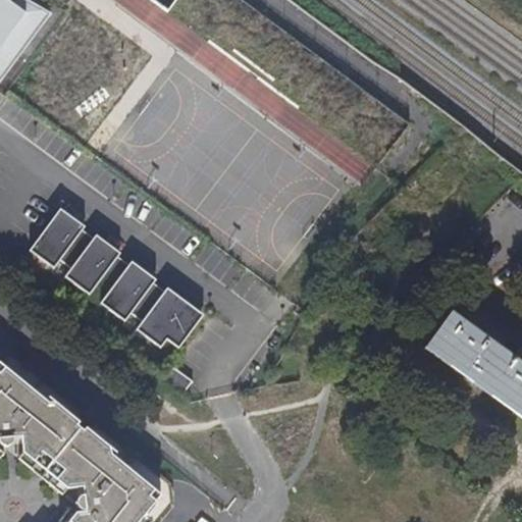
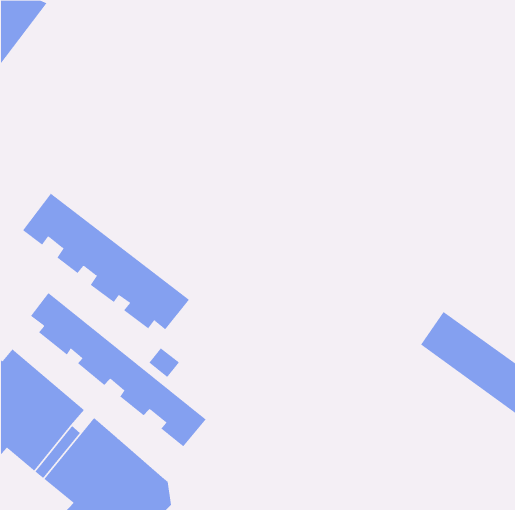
building: none -> [30,292,206,447]

